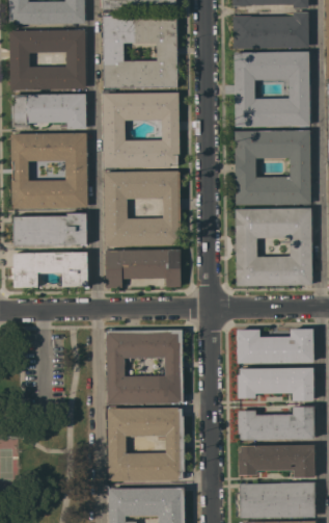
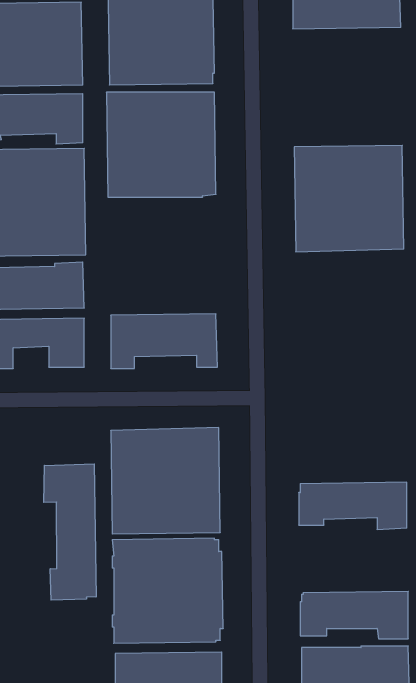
building: [235,52,311,127] -> none
building: [104,172,181,246] -> none
building: [236,208,312,286] -> none
building: [237,330,313,363] -> none
building: none -> [44,464,96,600]
building: [238,407,314,441] -> none

